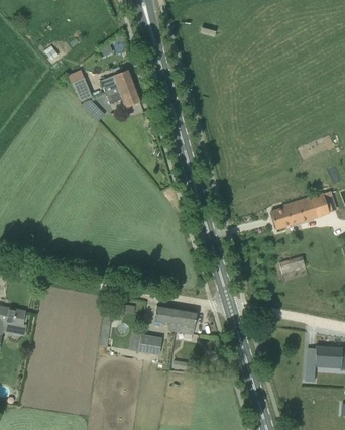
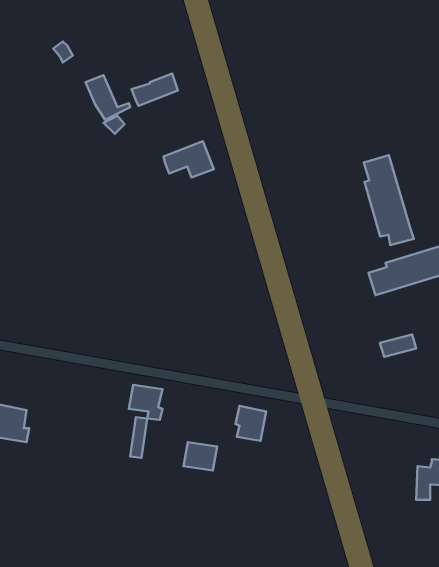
building: [105,81,141,107] -> [163,141,214,178]
building: none -> [364,155,414,245]
building: [153,305,178,330] -> [129,385,162,420]

